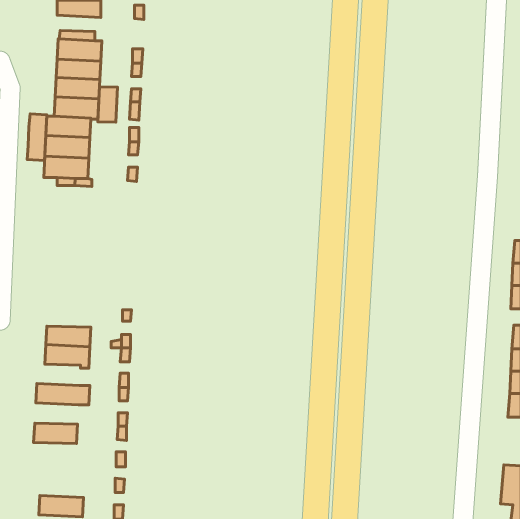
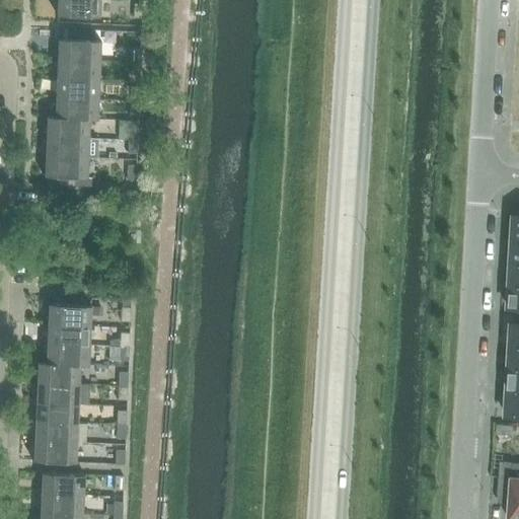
building: [98,87,118,122] -> none
building: [27,114,47,160] -> none
building: none -> [48,306,102,327]
building: none -> [38,364,81,385]
building: none -> [35,402,79,424]
building: none -> [33,442,77,464]
building: none -> [41,474,84,497]

